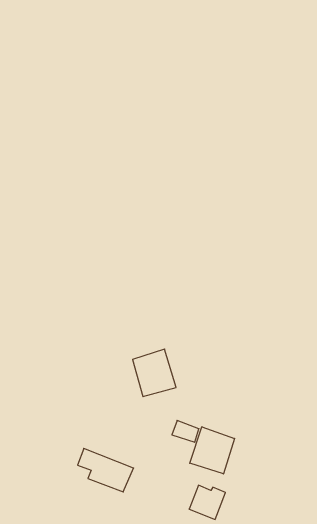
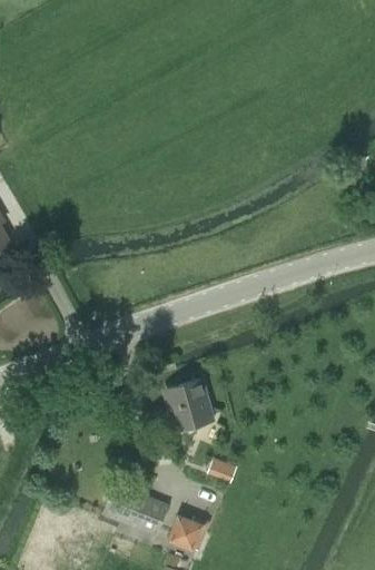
building: [190,427,235,474] -> none
building: [189,485,225,519] -> [169,513,208,550]

